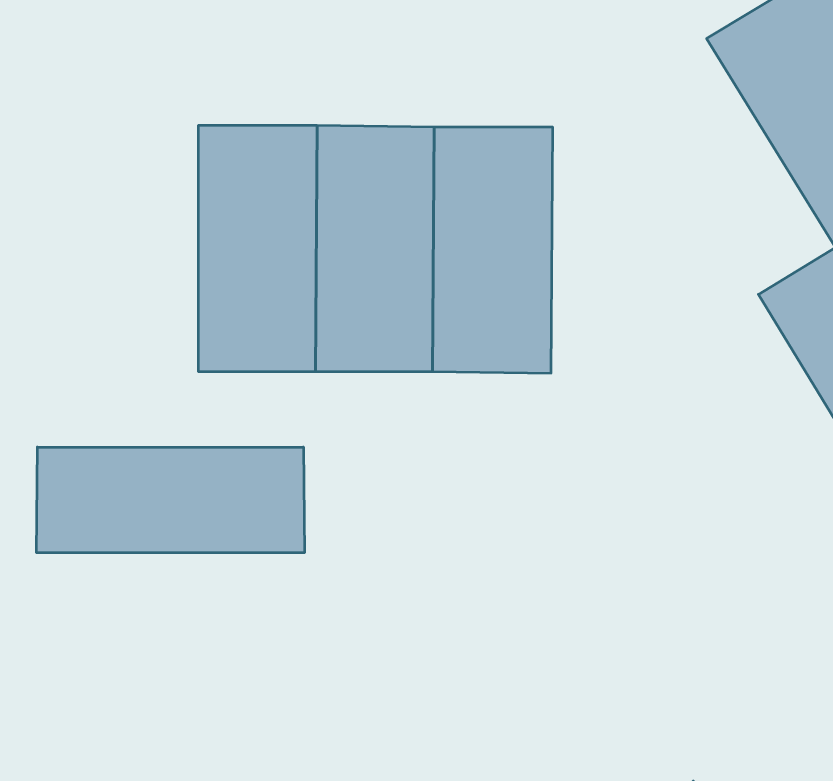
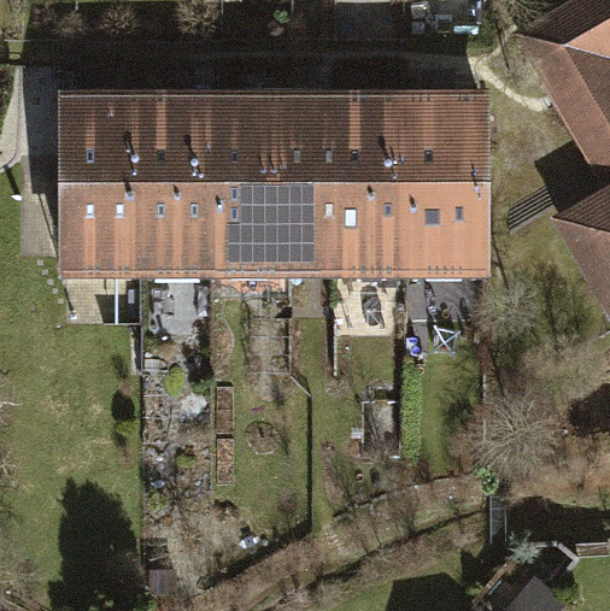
building: none -> [61,94,147,272]
building: none -> [401,96,487,274]
building: [37,447,304,553] -> none

